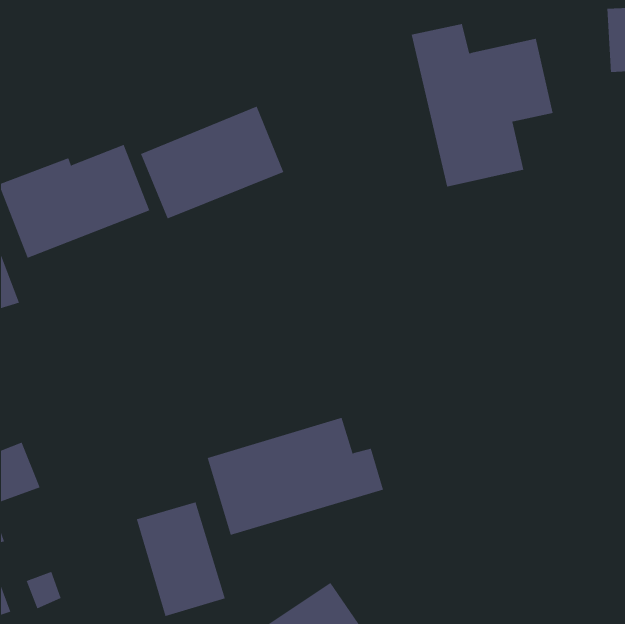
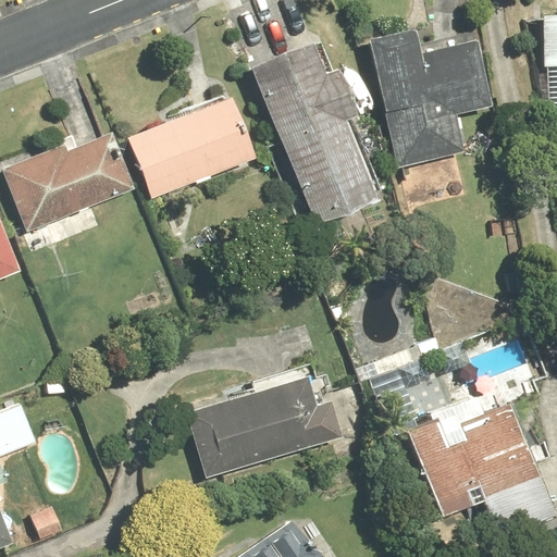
building: none -> [249,39,379,220]
building: none -> [405,398,550,539]
building: [136,502,226,617] -> none

